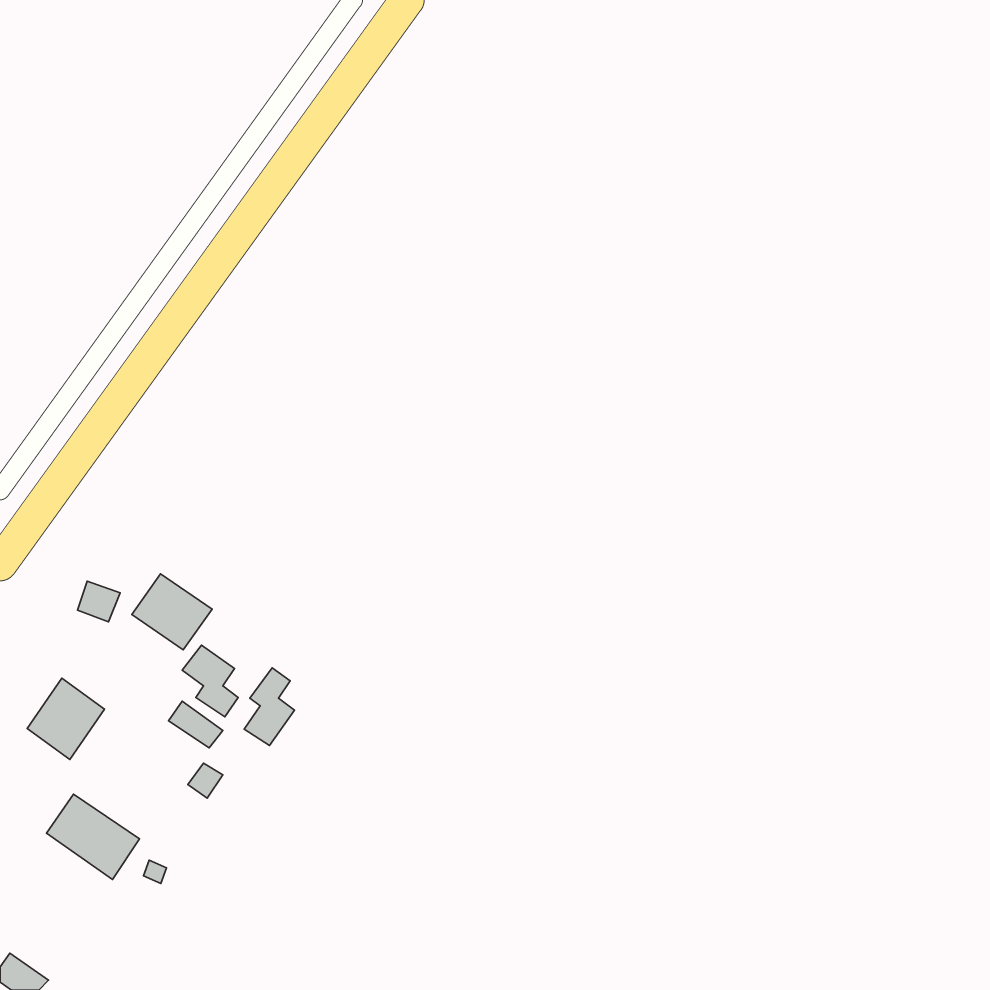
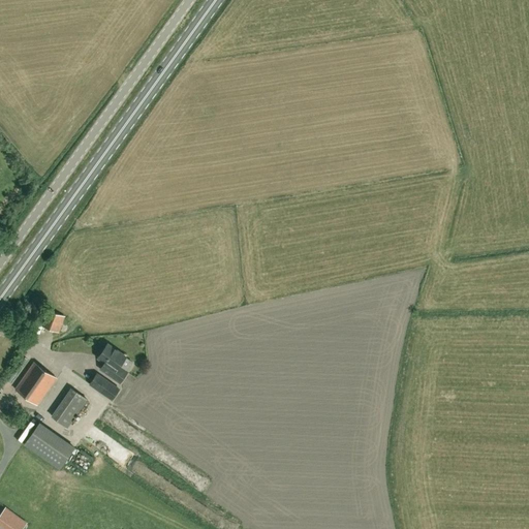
building: [132,574,212,650] -> none
building: [244,668,294,745] -> none
building: none -> [52,388,87,427]

